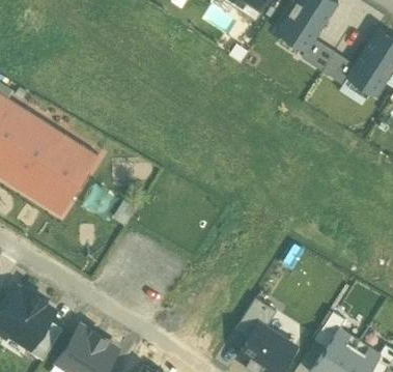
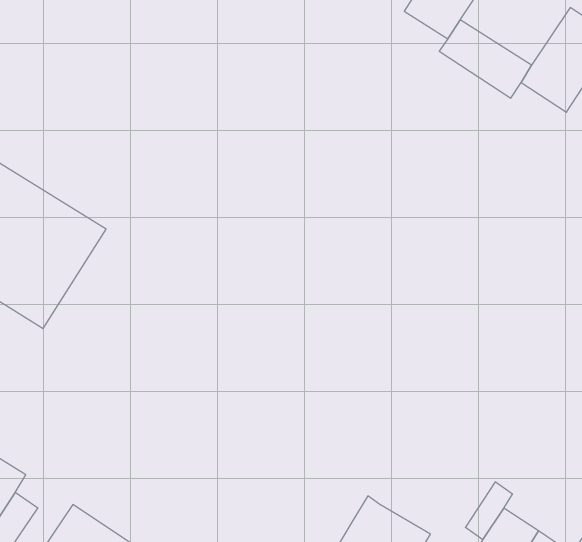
building: [238,299,276,336] -> none

